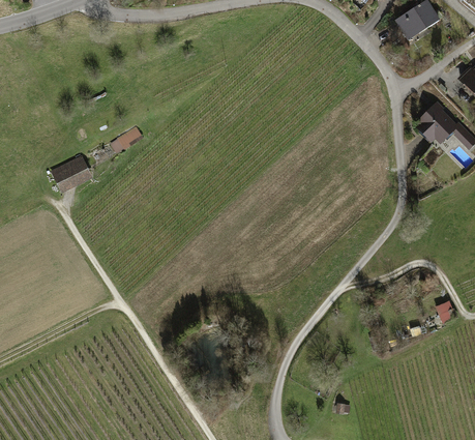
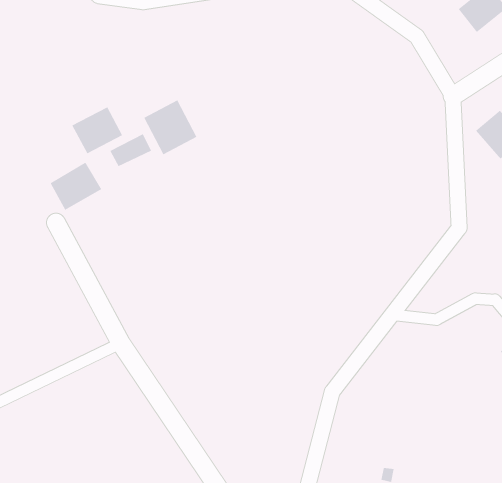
building: none -> [144,100,197,155]
building: none -> [72,107,123,154]

